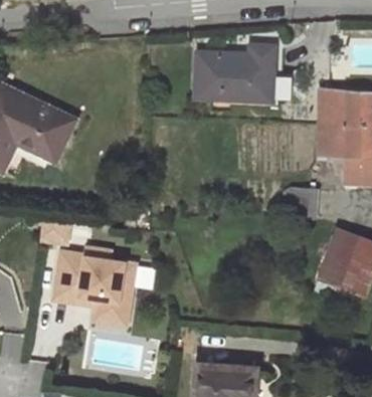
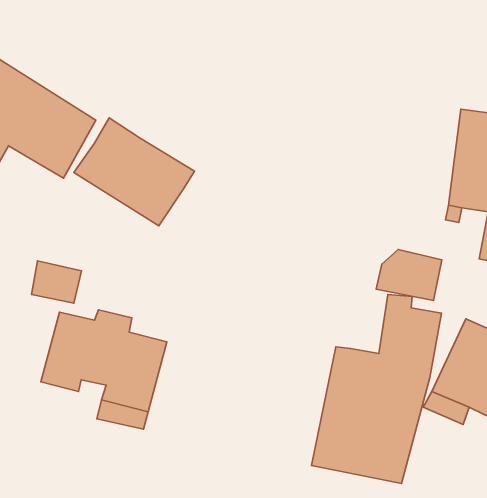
building: [195,45,272,100] -> none
building: none -> [74,118,194,226]
building: none -> [311,295,441,484]

